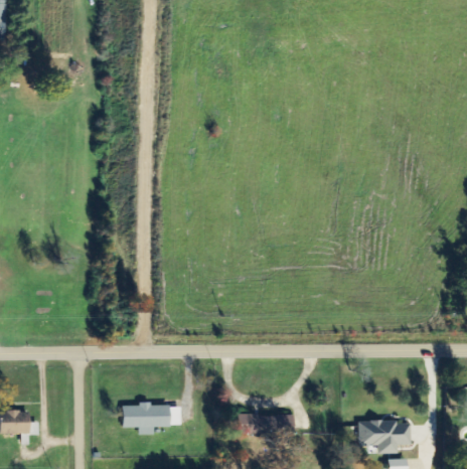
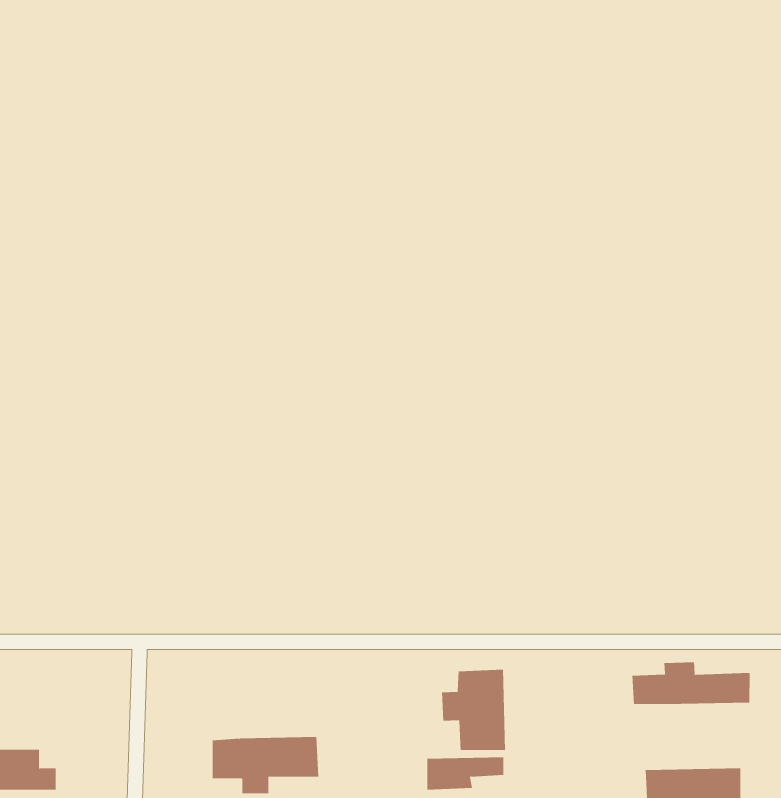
building: none -> [632,662,750,705]
building: none -> [442,669,505,751]

